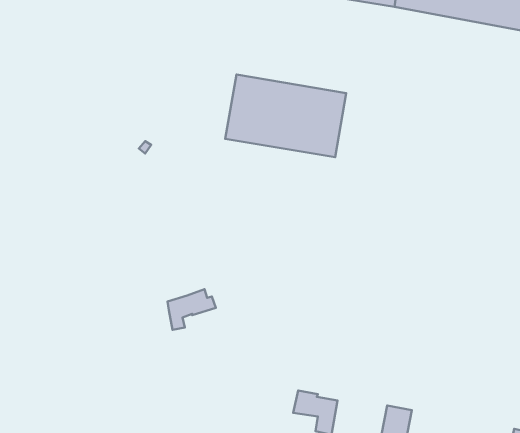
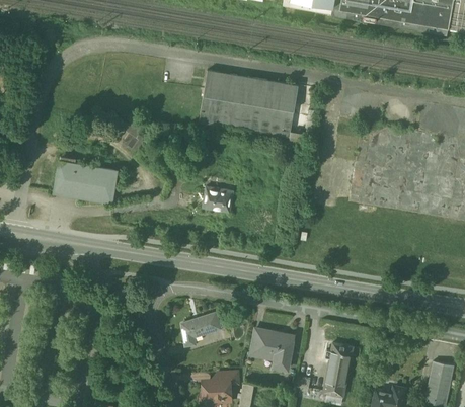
building: none -> [55,160,117,200]
building: none -> [203,185,235,211]
building: [168,289,216,330] -> [181,312,221,345]

